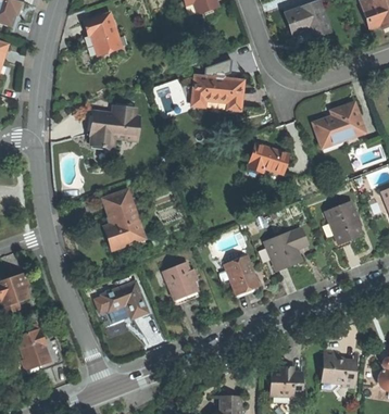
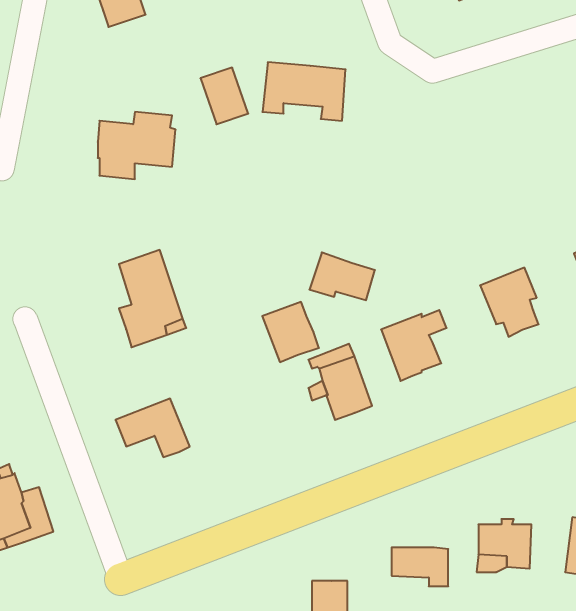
building: [314,103,364,147] -> none
building: [248,143,288,173] -> [309,252,375,300]
building: [163,263,198,300] -> [262,302,319,362]

